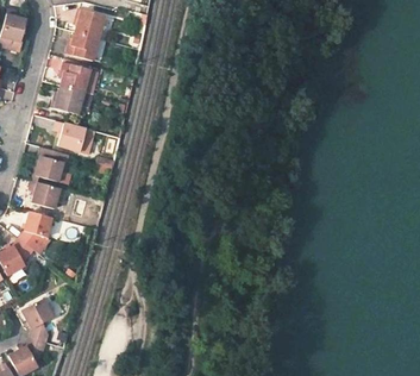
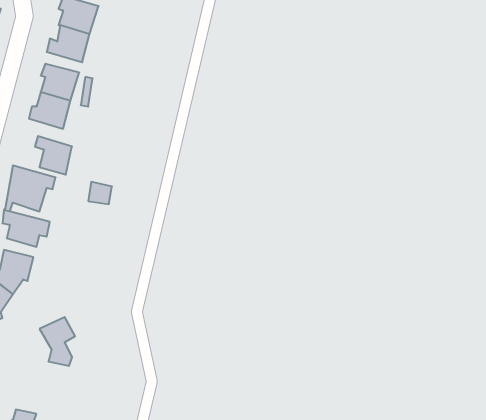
building: [30,305,58,344] -> [40,317,75,366]

